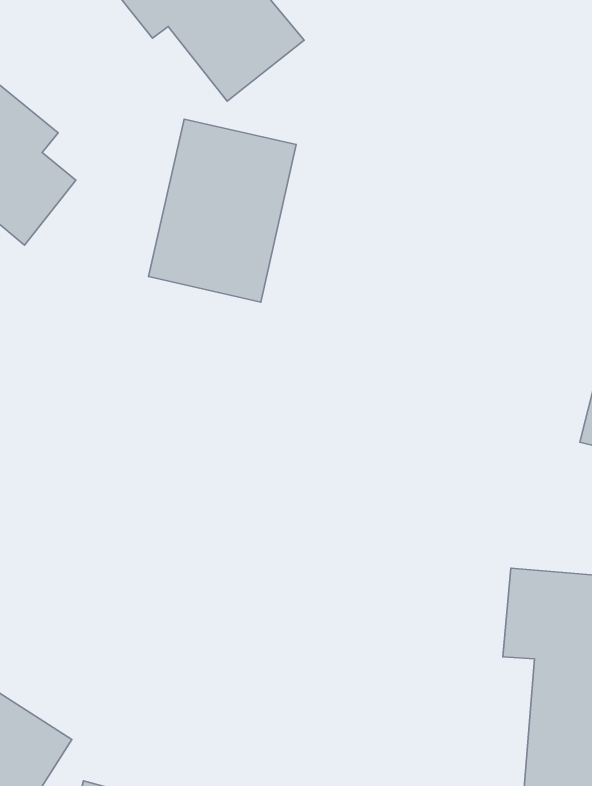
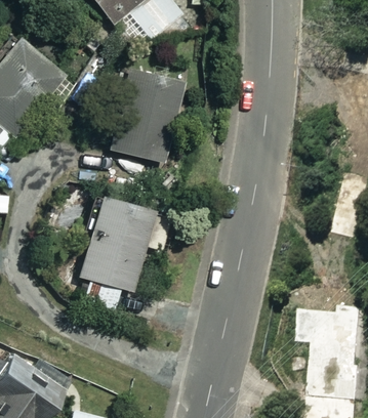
building: none -> [77,195,155,312]

